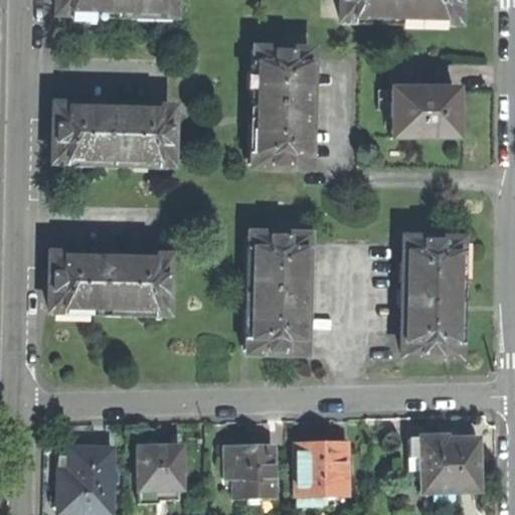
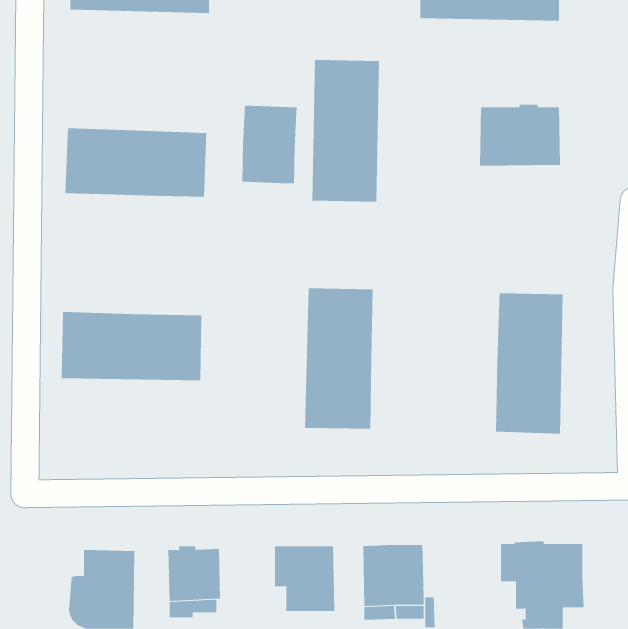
building: none -> [242,105,297,184]

